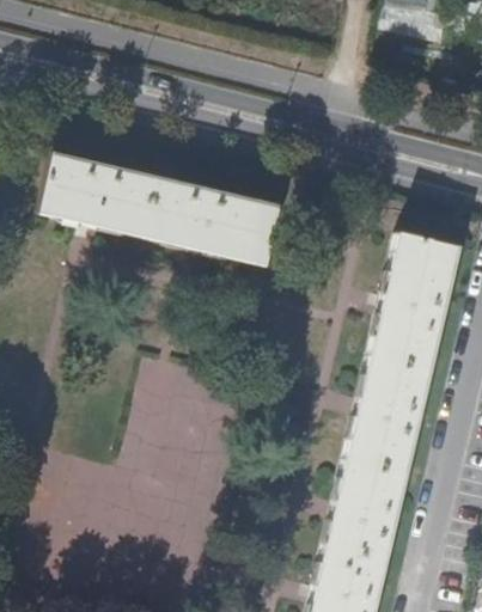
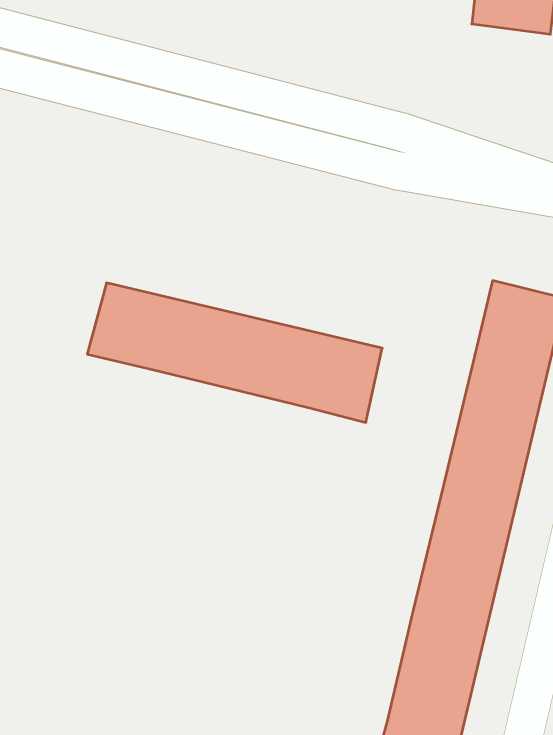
building: [39,154,277,267] -> [87,283,382,422]

